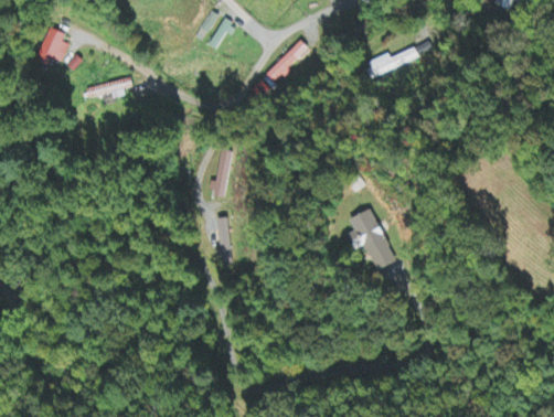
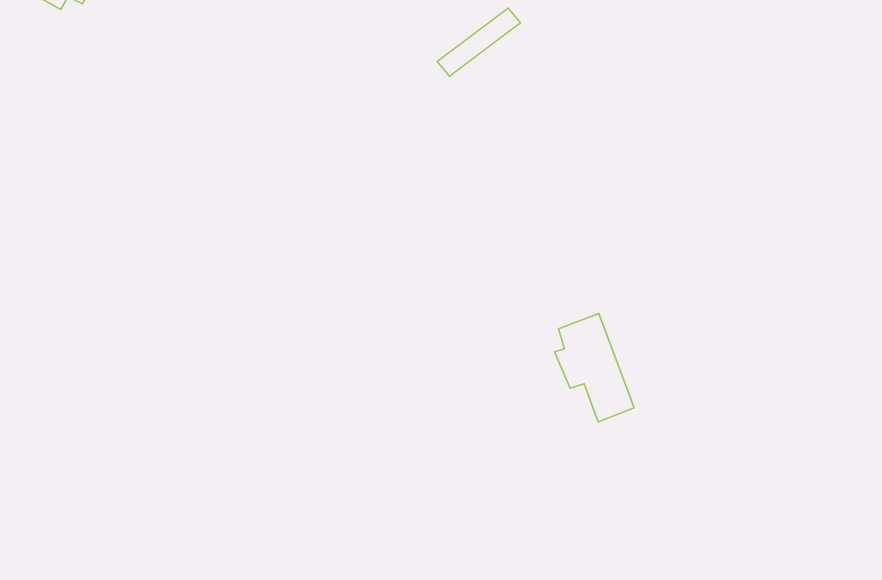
building: [367,47,419,77] -> none
building: [86,78,131,98] -> none

